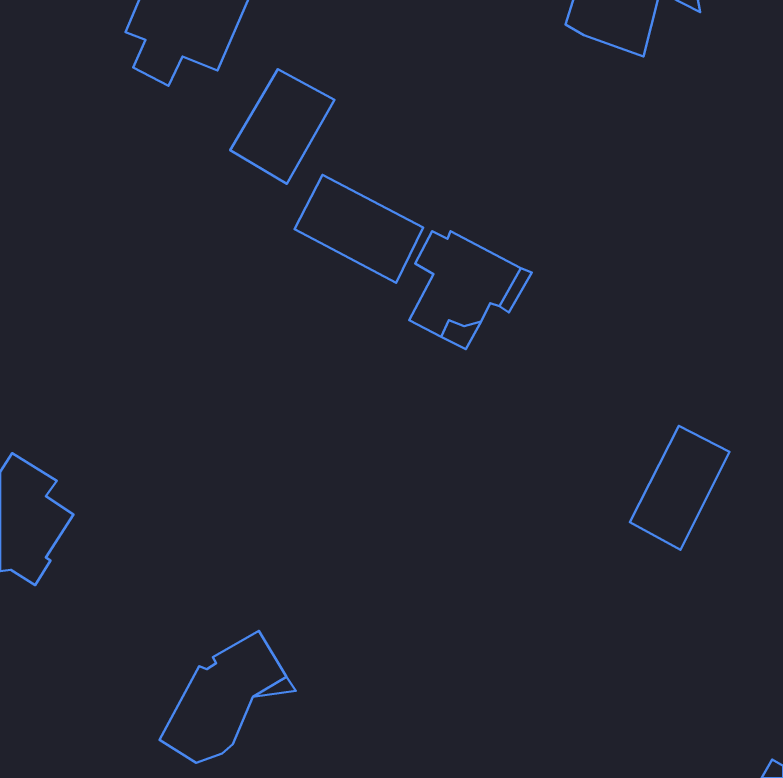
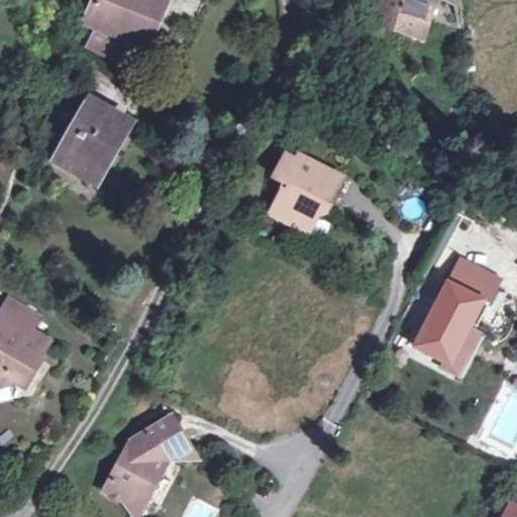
building: [230,69,334,184] -> [56,101,124,177]
building: [295,175,423,283] -> none
building: none -> [447,256,500,321]

